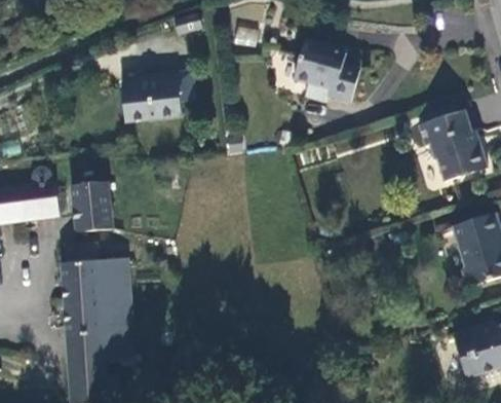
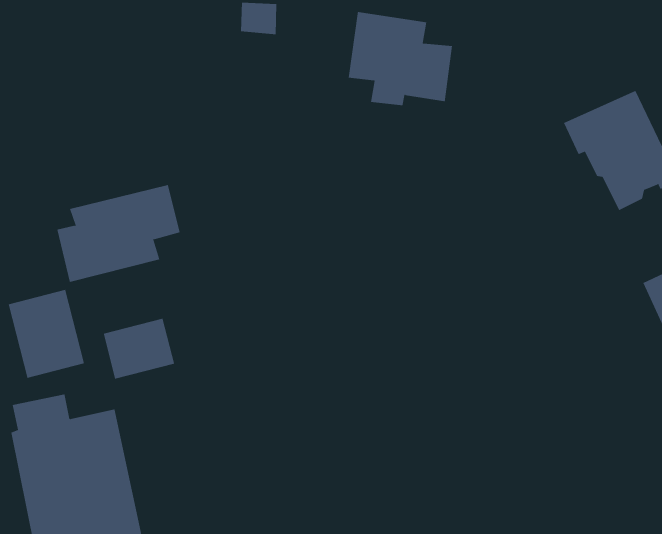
building: [122,71,196,121] -> [57,184,181,283]
building: none -> [103,318,175,380]

